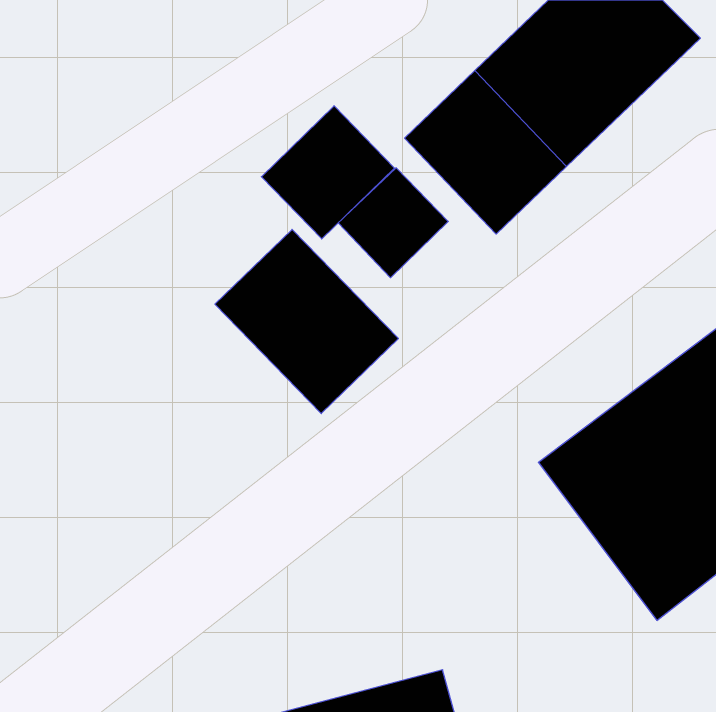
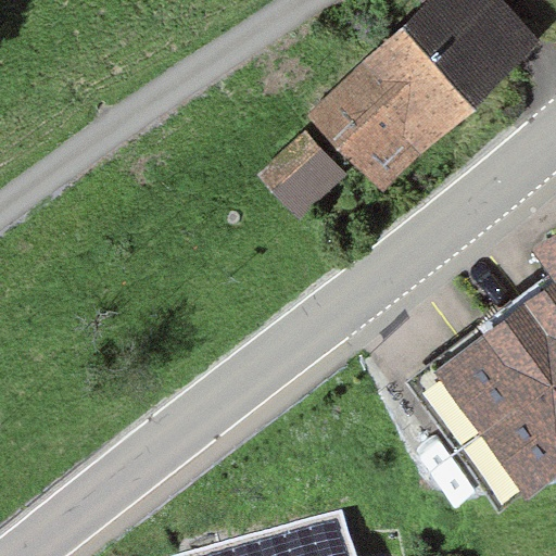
building: [261,106,394,239] -> none
building: [215,229,398,414] -> none

